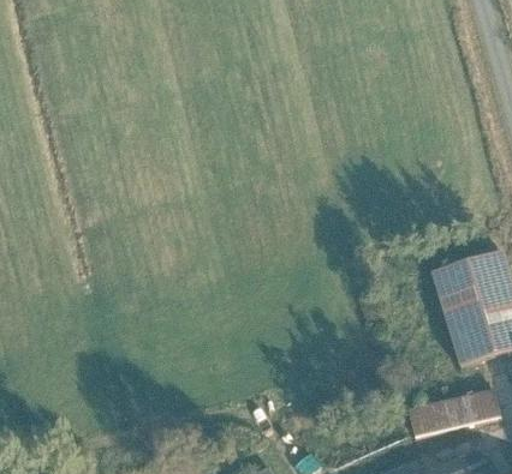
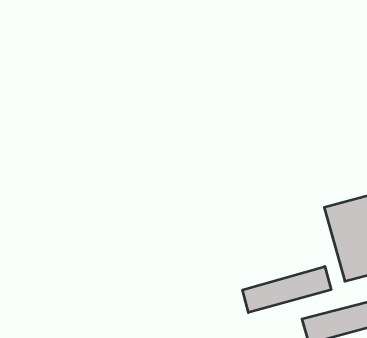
building: none -> [243,266,331,313]

